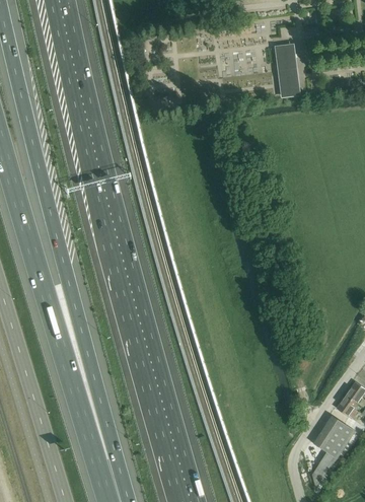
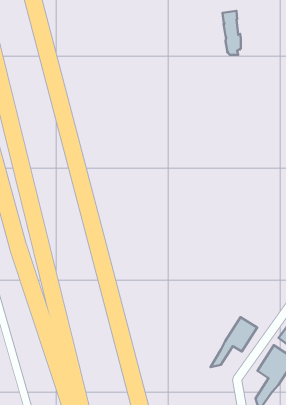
building: none -> [211,317,257,367]

